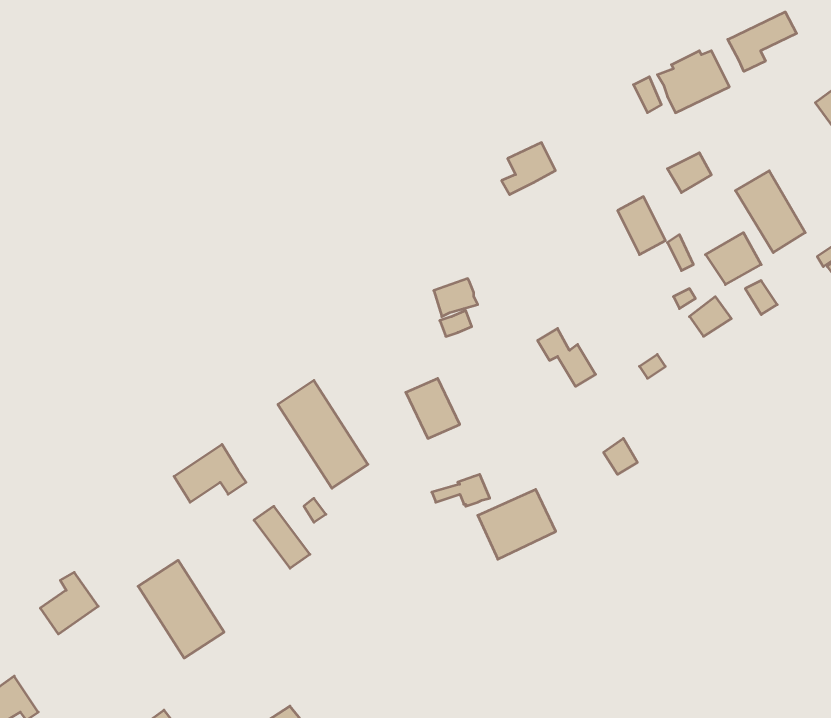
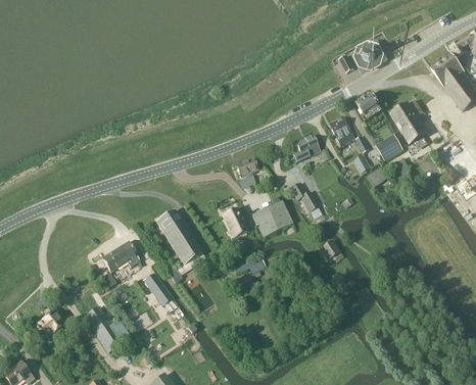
building: [728,12,797,71] -> none
building: [502,143,555,195] -> [292,135,320,161]
building: [478,489,556,559] -> [252,202,292,238]

